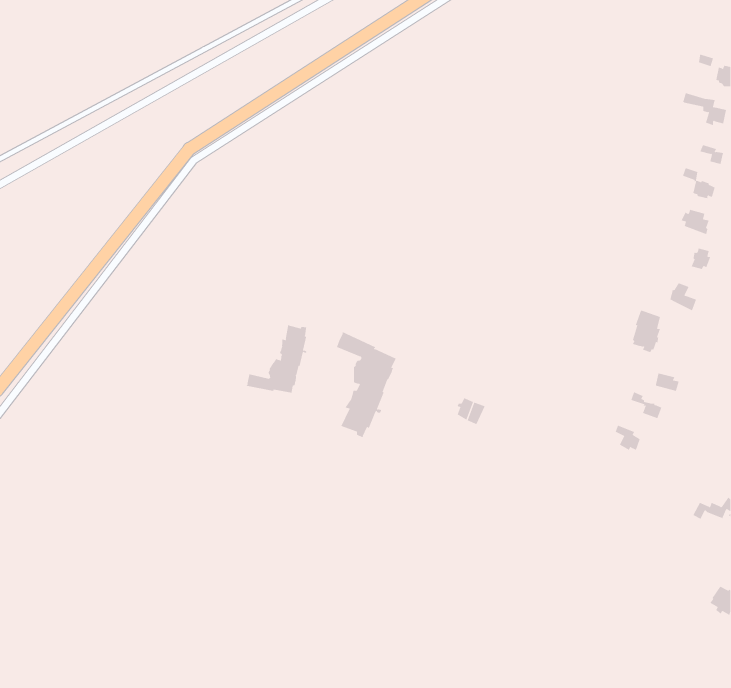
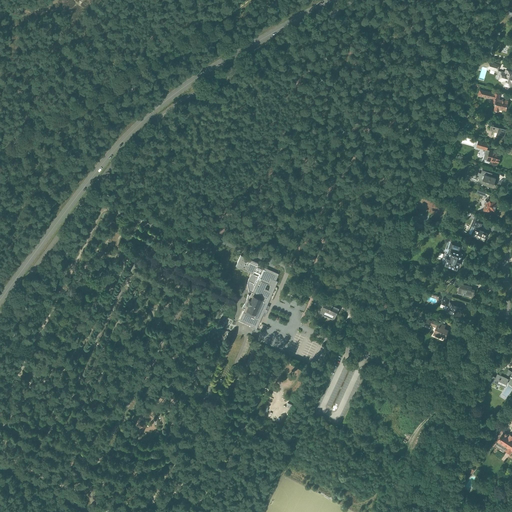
building: [246,325,308,394] -> none

